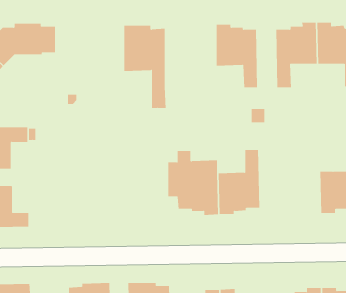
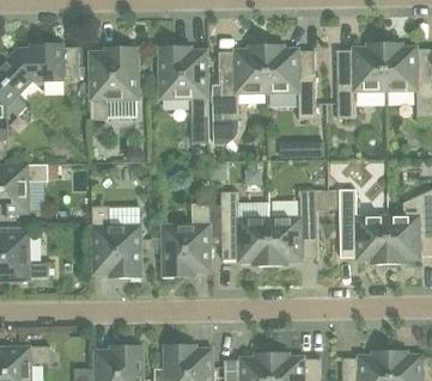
building: none -> [212,44,266,142]
building: none -> [89,47,138,119]
building: none -> [337,189,388,264]
building: none -> [160,204,211,277]
building: none -> [91,205,141,278]

